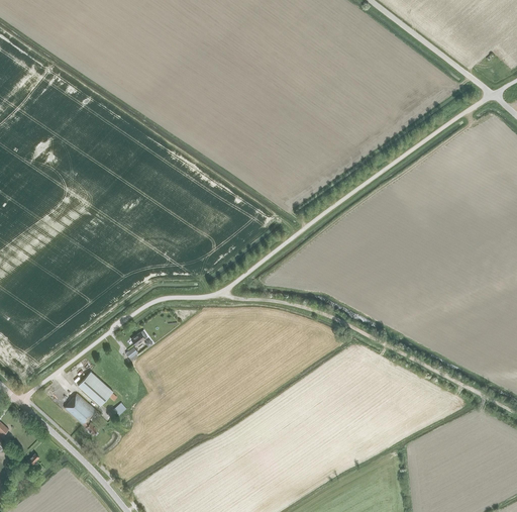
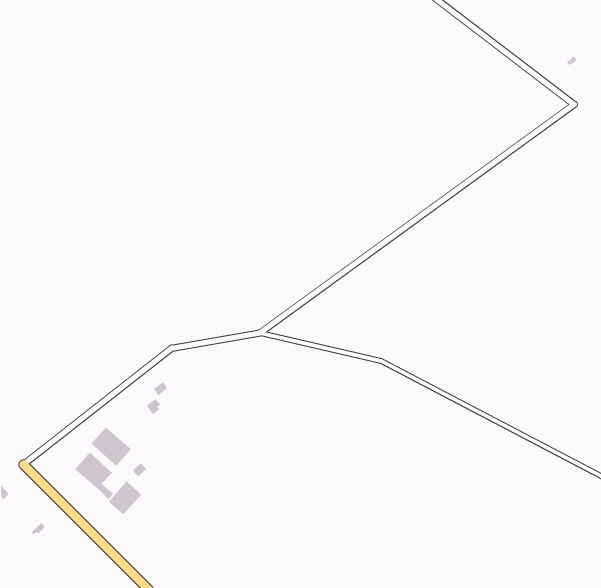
building: none -> [108,480,142,515]

